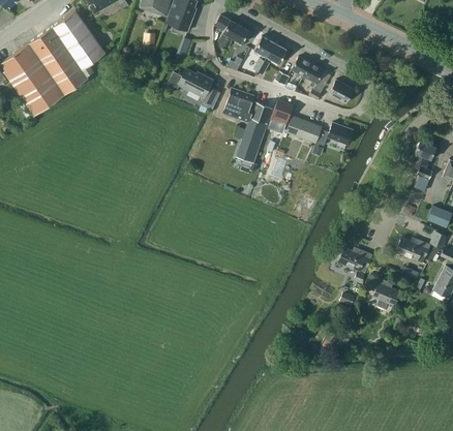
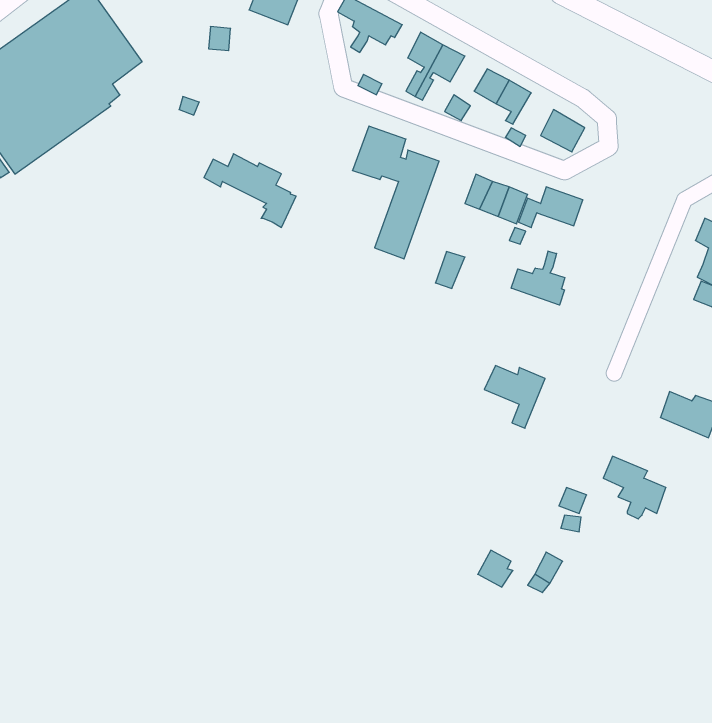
building: [169,68,220,110] -> [204,154,296,227]
building: [271,98,294,131] -> none
building: none -> [511,251,565,305]
building: [338,247,372,282] -> [484,366,545,428]

